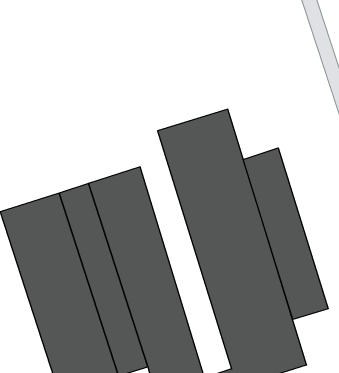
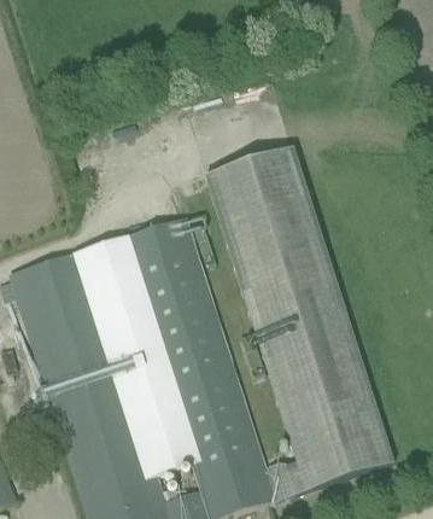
building: [243,148,328,320] -> none

